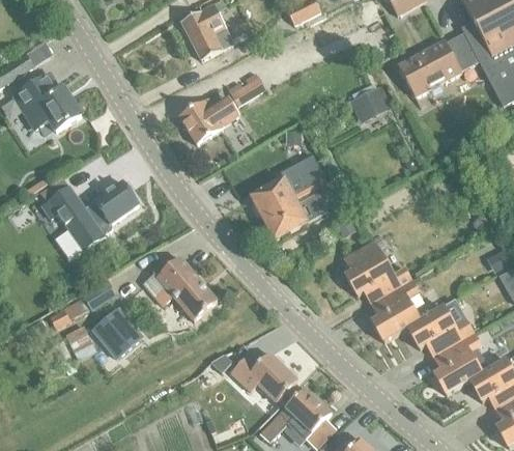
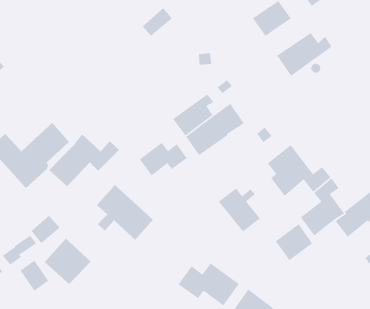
building: [179,95,238,143] -> none
building: none -> [276,32,333,77]
building: none -> [48,133,120,187]
building: none -> [139,142,188,176]
building: none -> [218,187,261,232]
building: none -> [275,223,313,261]

